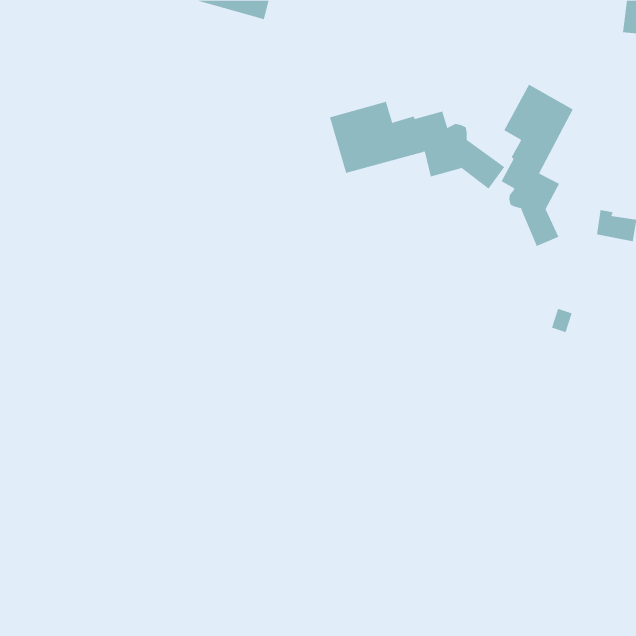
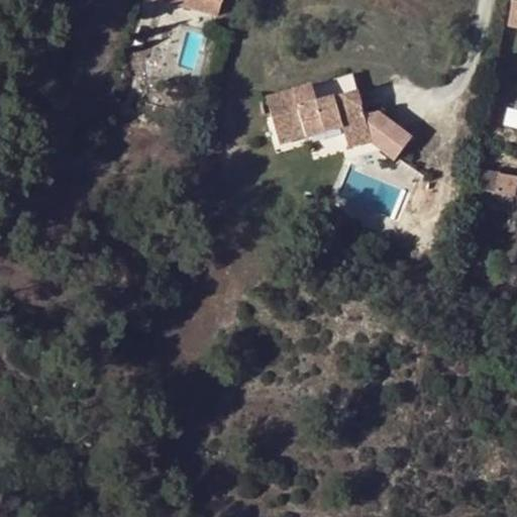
building: [501,84,574,247] -> none

